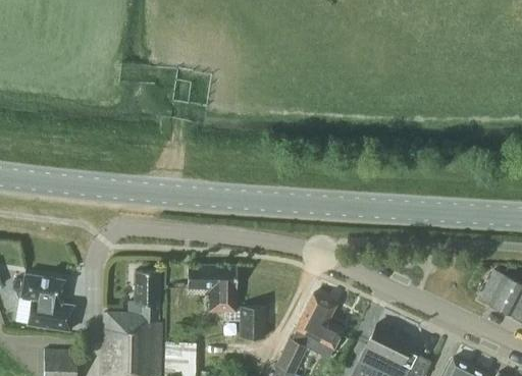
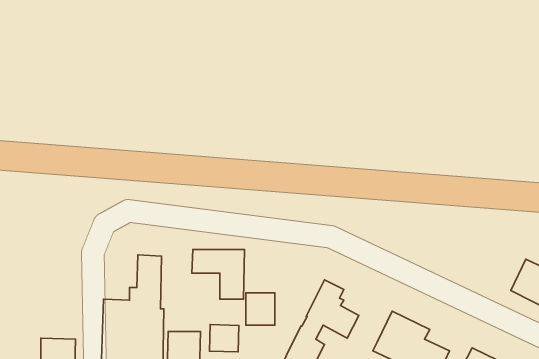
building: [20,274,73,331] -> none
building: none -> [210,325,239,352]

